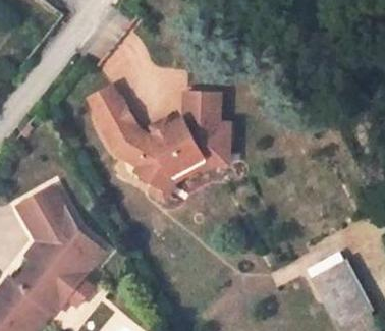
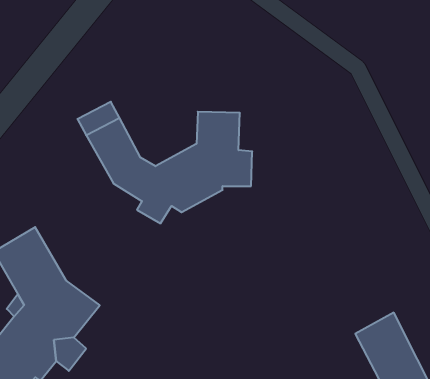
building: [149,154,226,199] -> none

